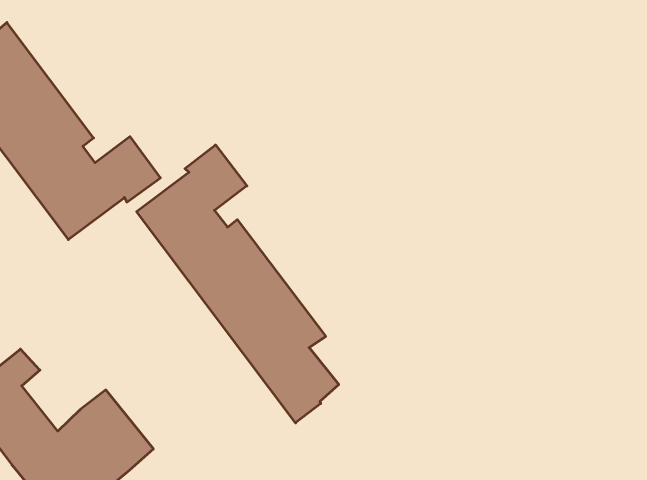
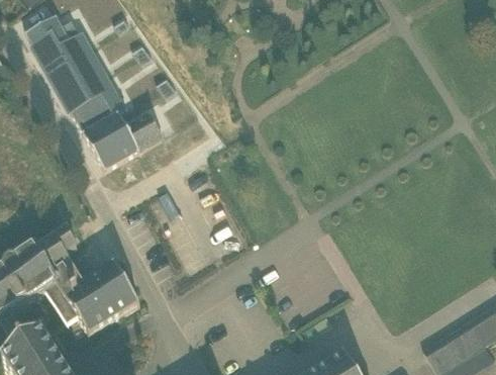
building: [137,145,339,423] -> none

